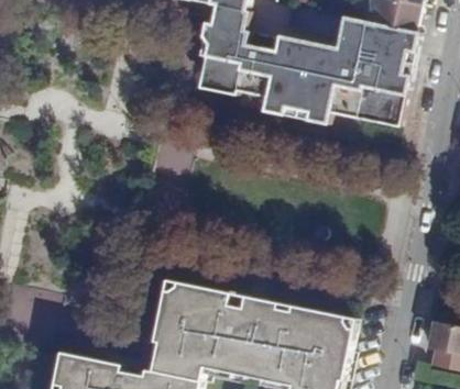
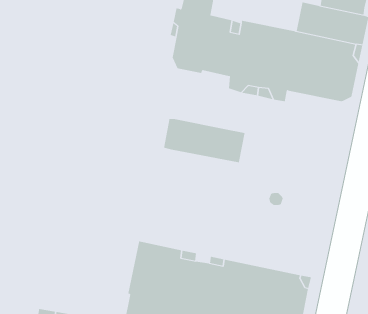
building: none -> [163,118,245,163]

